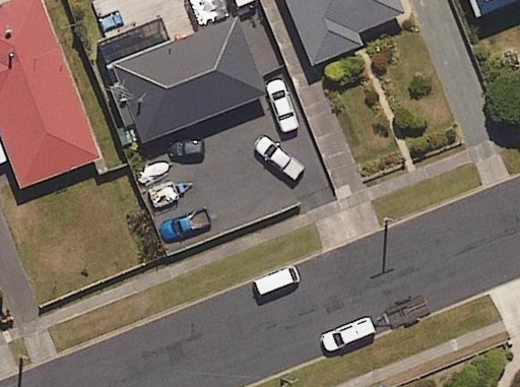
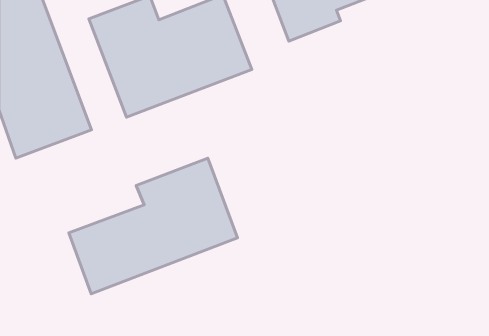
building: none -> [69,158,237,294]

